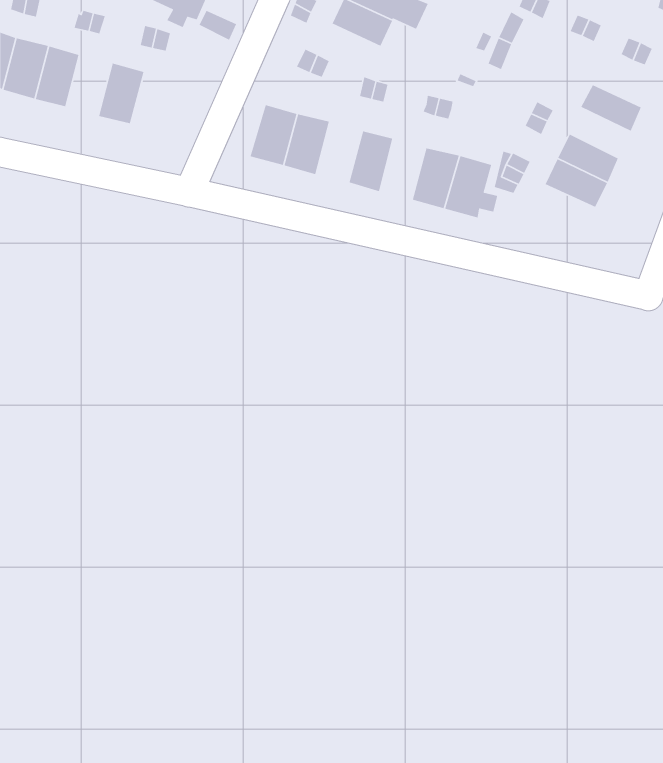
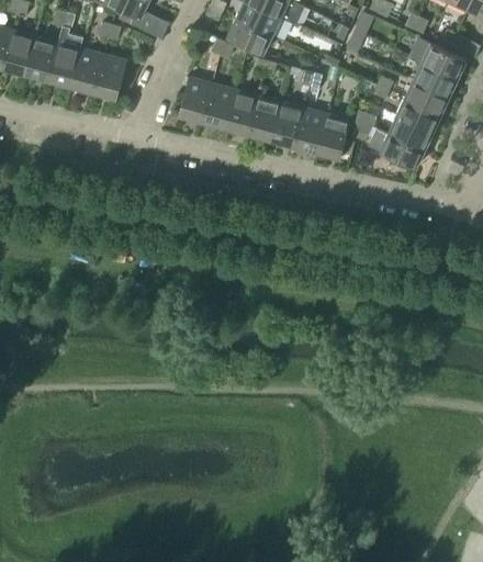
building: none -> [227,21,271,55]
building: none -> [409,38,467,80]
building: none -> [47,43,80,87]
building: none -> [93,55,127,99]
building: none -> [405,80,449,116]
building: none -> [225,90,258,134]
building: none -> [270,102,303,146]
building: none -> [368,130,424,169]

